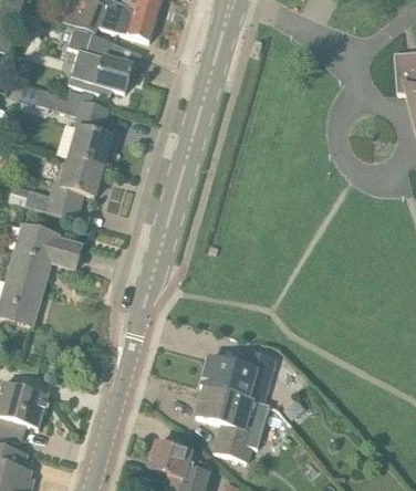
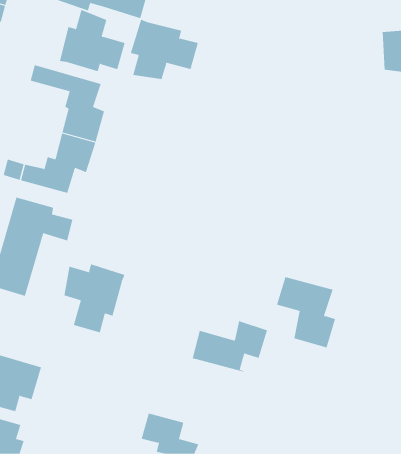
building: none -> [130,19,198,80]
building: none -> [64,263,125,333]
building: [196,388,257,461] -> [276,276,336,348]

